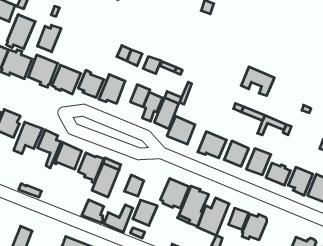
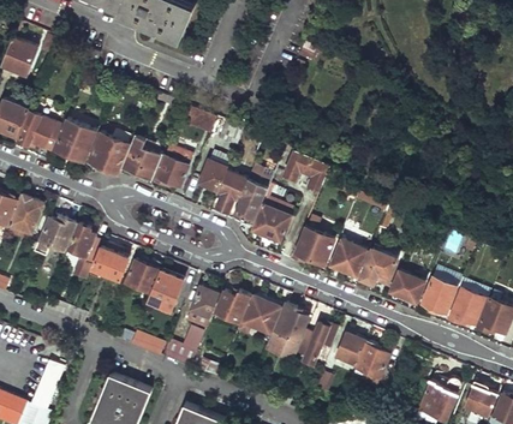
building: [6,14,35,49] -> none
building: [37,25,61,52] -> none
building: [241,67,274,96] -> [284,149,330,190]
building: [133,200,157,226] -> [214,287,249,323]

